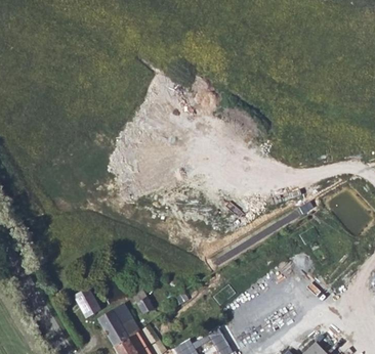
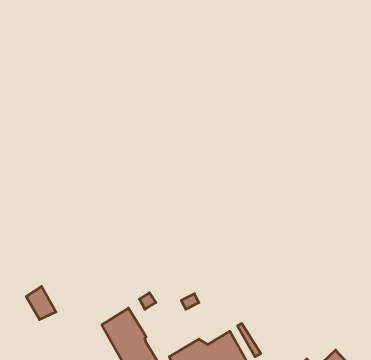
building: [75,287,102,318] -> [26,286,56,320]

